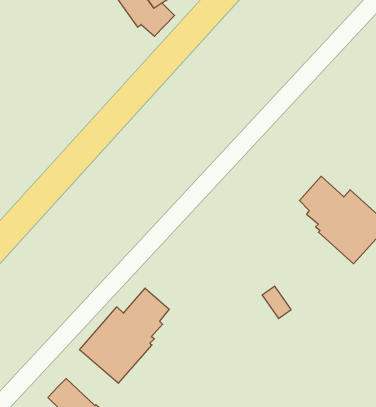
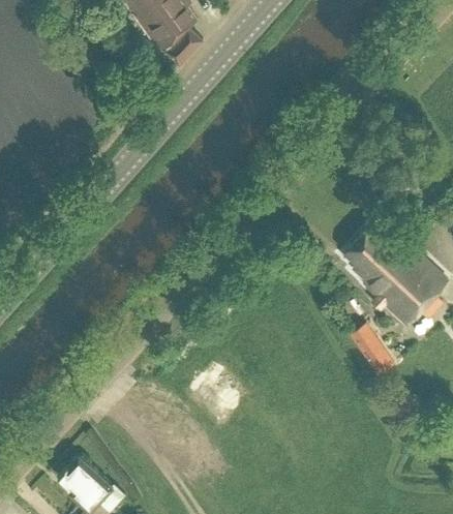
building: [262,286,291,319] -> [360,336,393,373]
building: [80,288,169,383] -> none

